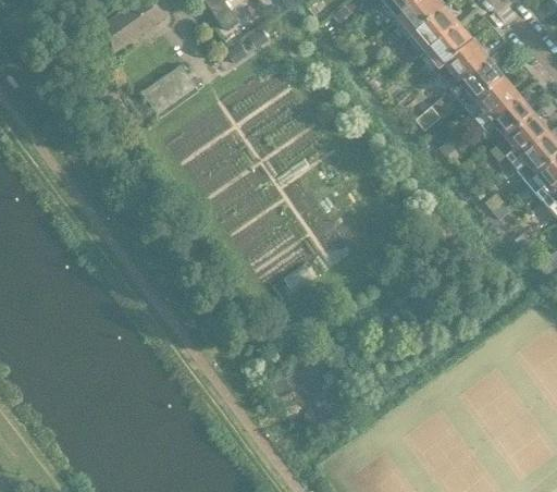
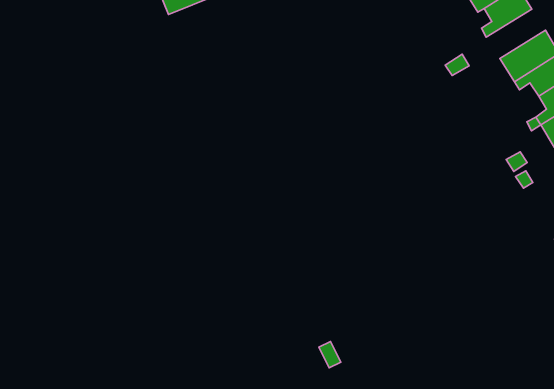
building: [449,58,503,107] -> none

